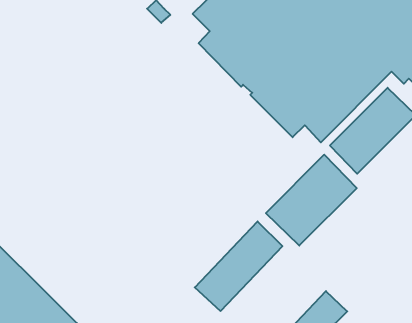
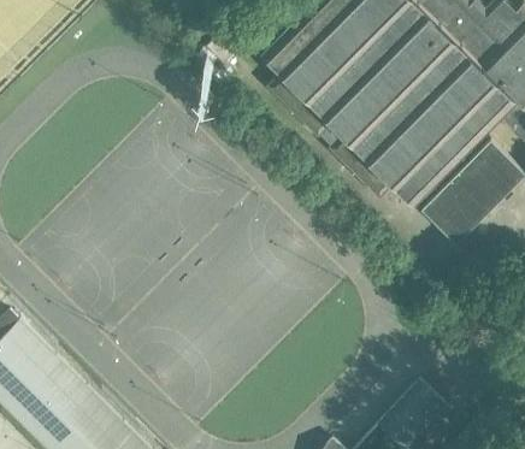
building: [266,155,357,246] -> none
building: [195,221,282,311] -> none

